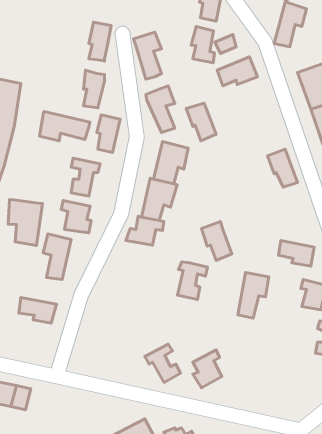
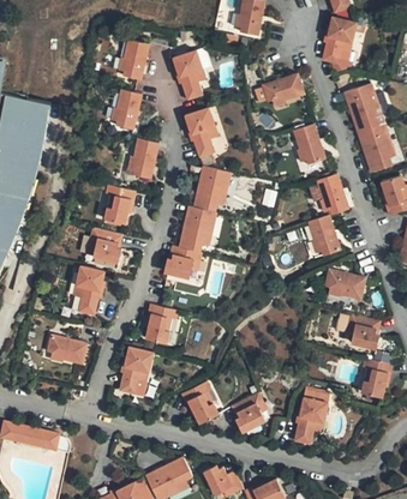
building: [191,27,215,63] -> none
building: [186,103,216,141] -> [292,126,324,167]
building: [39,112,90,141] -> none
building: [8,200,42,245] -> none
building: [202,222,232,261] -> [306,216,339,258]
building: [178,262,208,300] -> [146,305,179,345]
building: [238,272,269,318] -> [294,395,328,444]
building: none -> [121,345,157,395]

